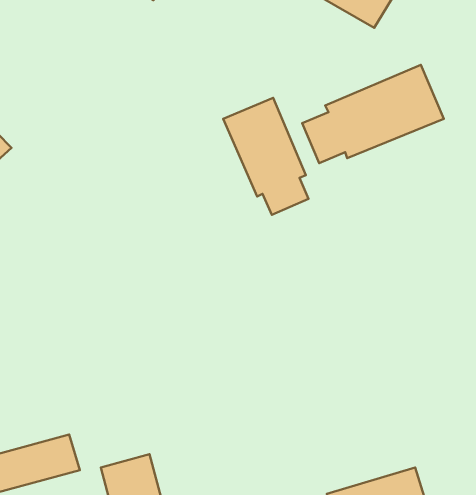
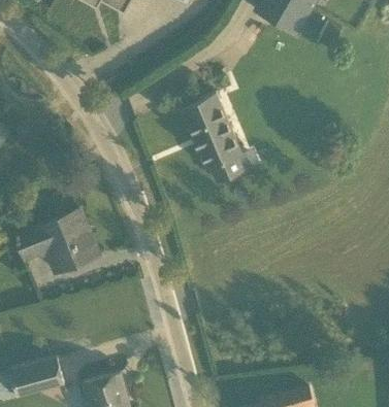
building: [302,65,444,163] -> none
building: none -> [12,209,95,274]

